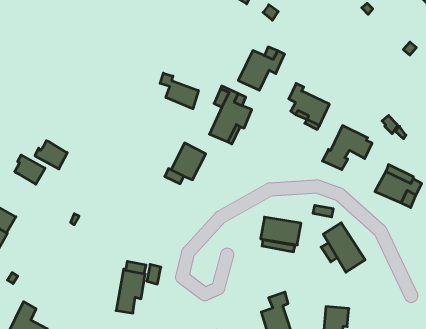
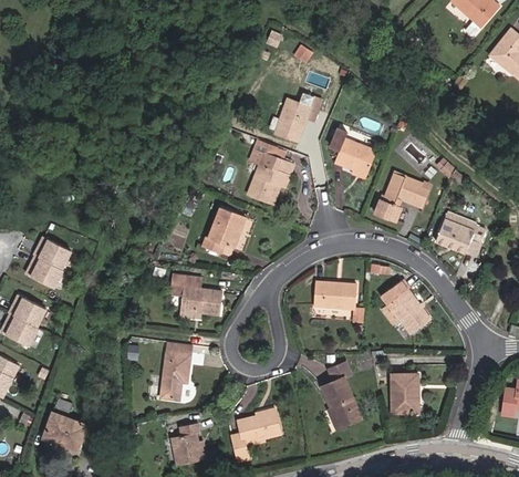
building: [160,73,198,109] -> none
building: [35,141,67,169] -> [25,256,61,286]
building: none -> [173,276,221,314]

